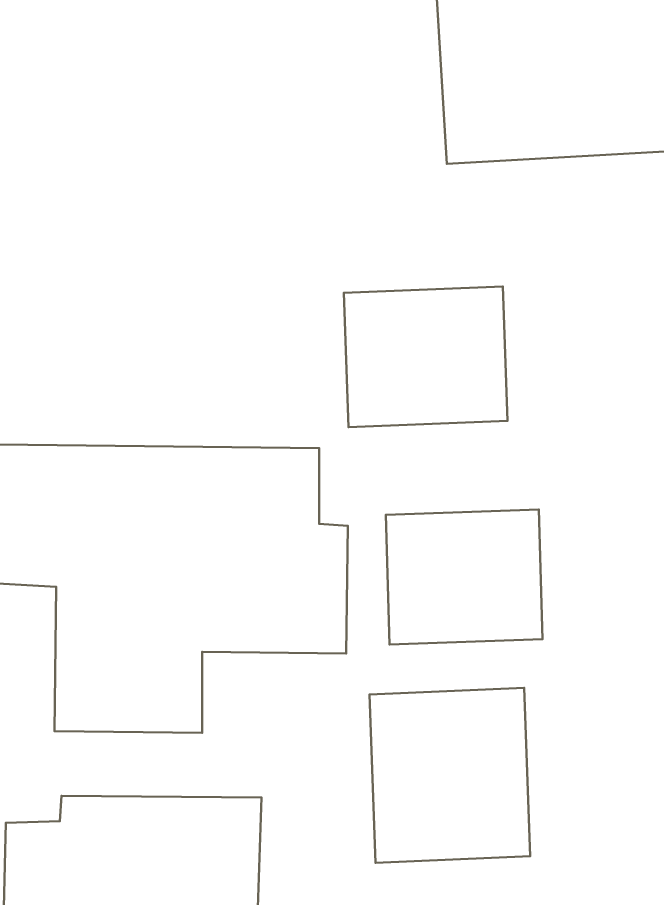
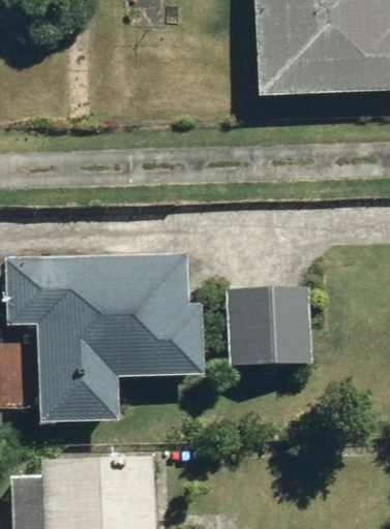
building: [344,286,508,427] -> none
building: [370,688,530,863] -> none

